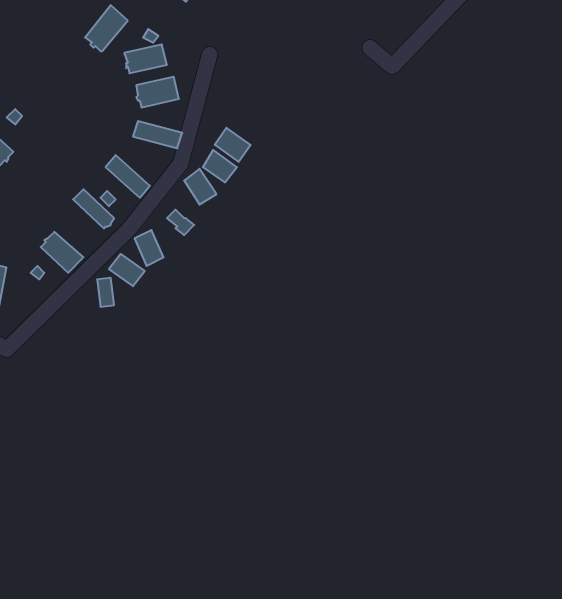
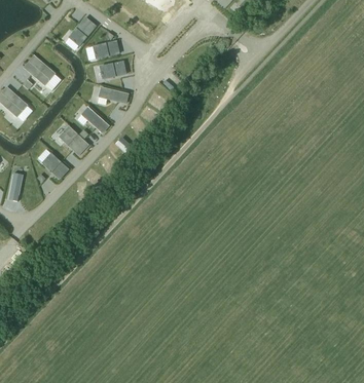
building: none -> [24,55,53,84]

